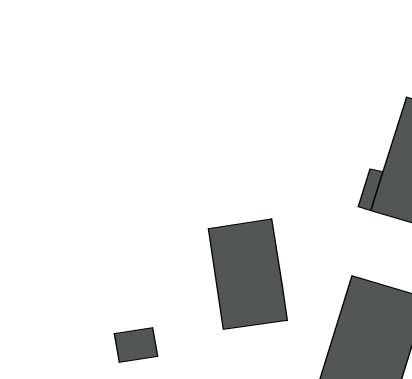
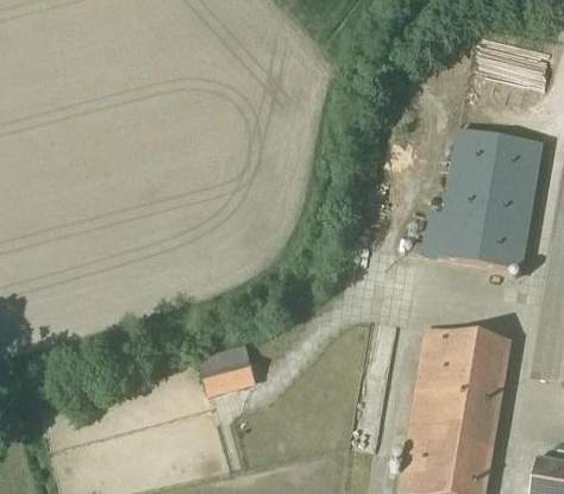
building: [208,219,287,329] -> none
building: [114,328,158,362] -> [201,349,251,390]

